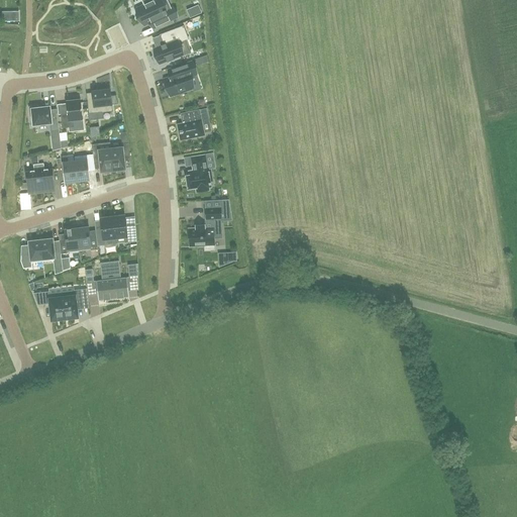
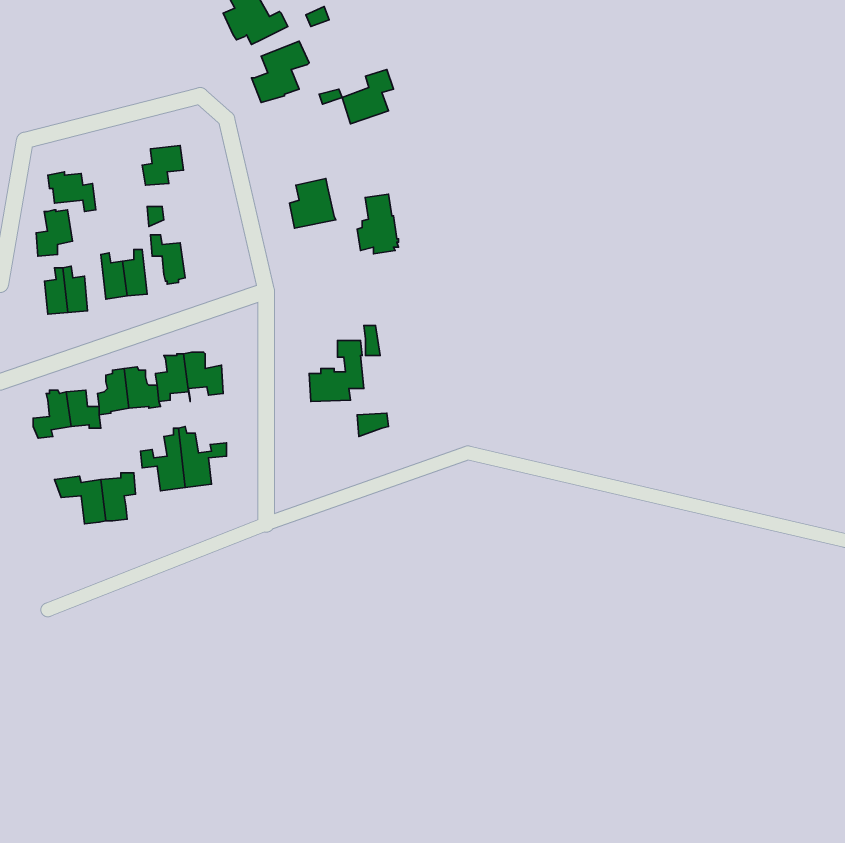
building: [165,62,196,95] -> [342,69,394,124]
building: [61,99,83,127] -> [36,210,72,256]
building: [110,142,130,172] -> none
building: [186,154,211,191] -> [357,194,398,254]

